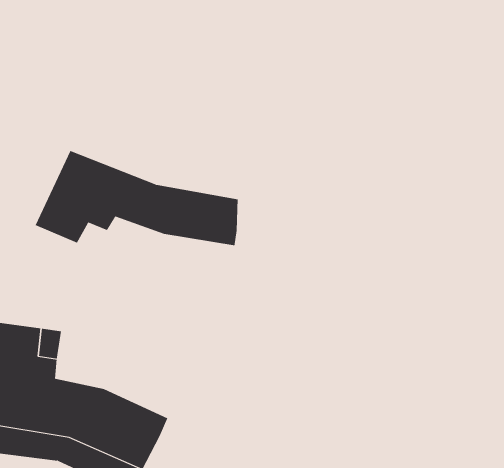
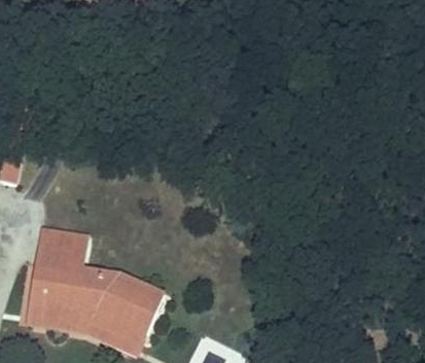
building: [35,150,238,246] -> none

